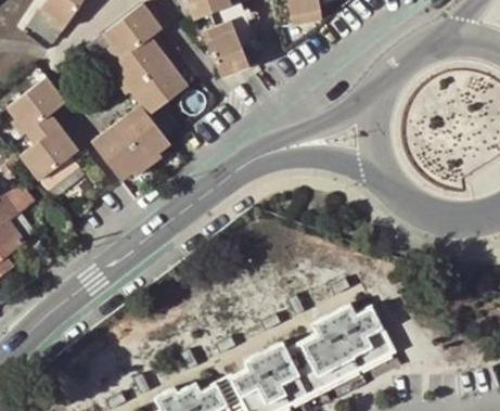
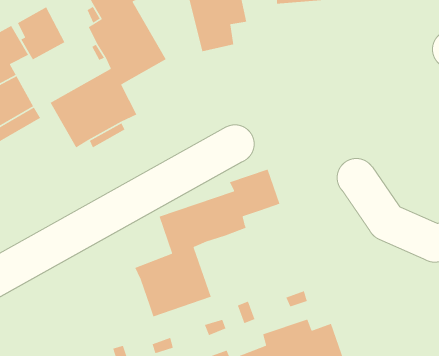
building: none -> [17,6,65,61]
building: none -> [134,168,281,318]

